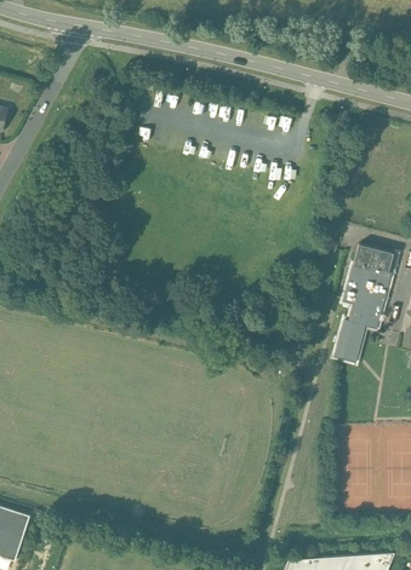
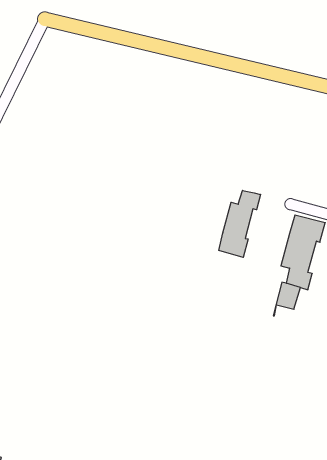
building: none -> [219,190,261,257]

